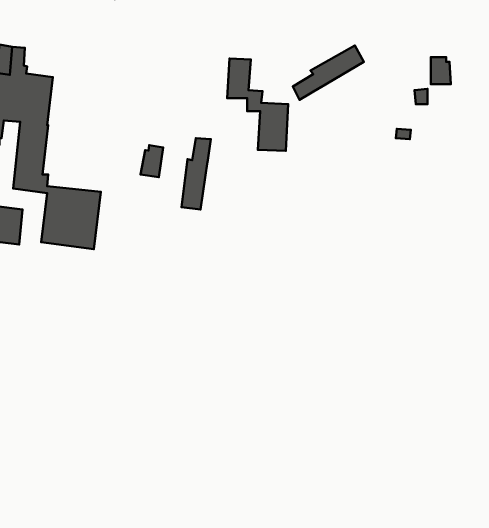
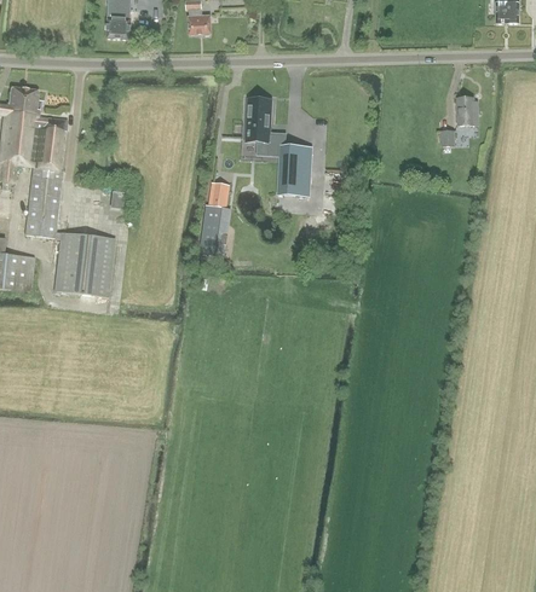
building: [293,46,364,100] -> none
building: [141,145,163,177] -> none

